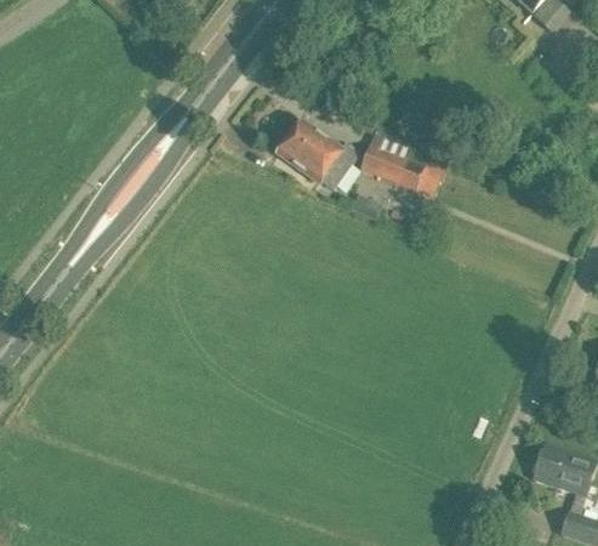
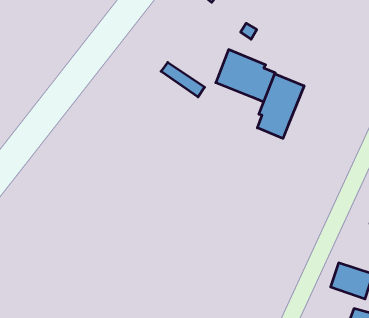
building: [286,118,359,175] -> none
building: none -> [257,74,304,138]

